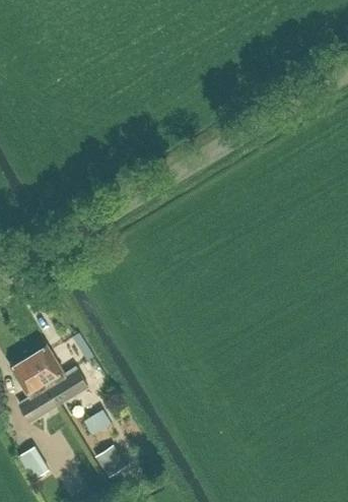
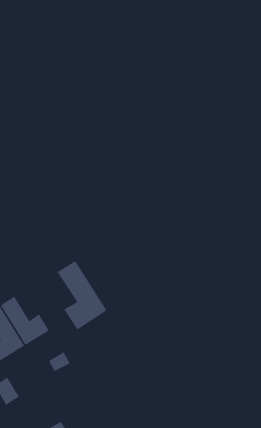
building: none -> [57,260,108,330]
building: [94,445,126,478] -> none

